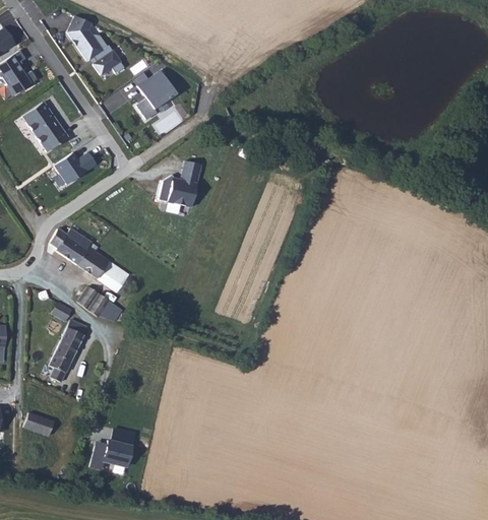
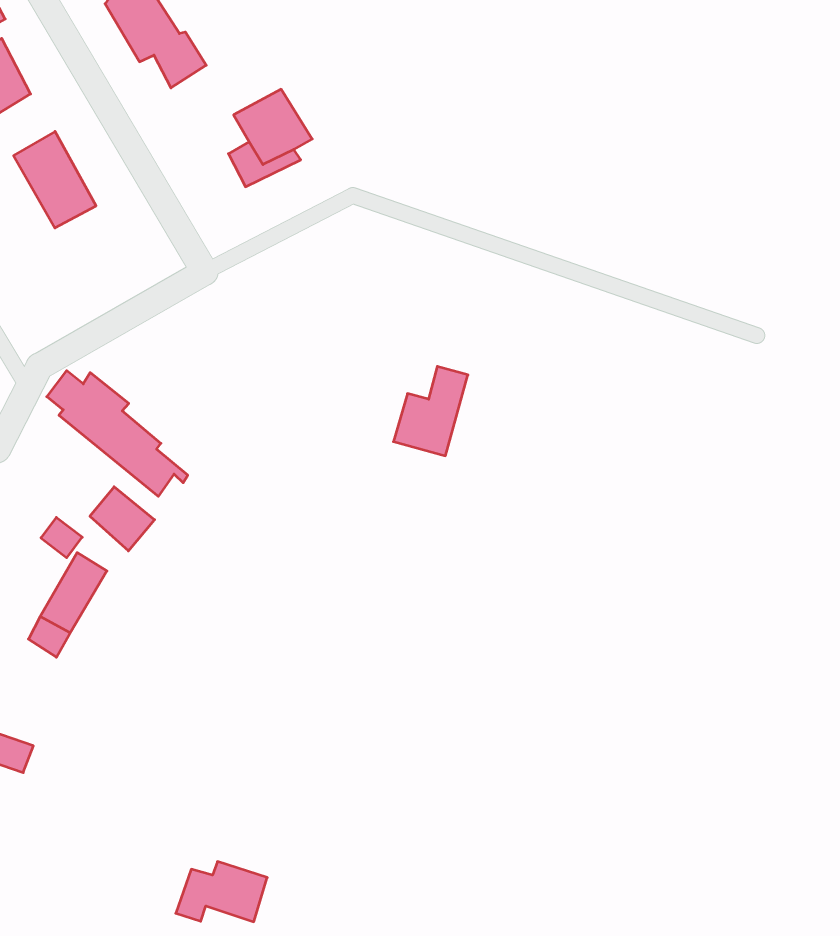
building: [53,153,96,186] -> none
building: [165,162,200,208] -> [393,366,468,456]
building: [87,439,133,470] -> [176,862,267,922]

